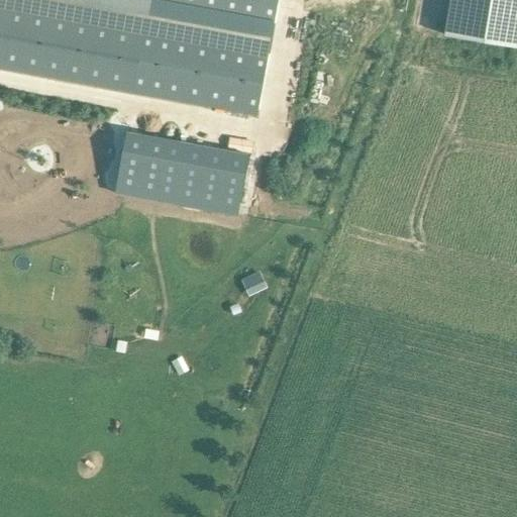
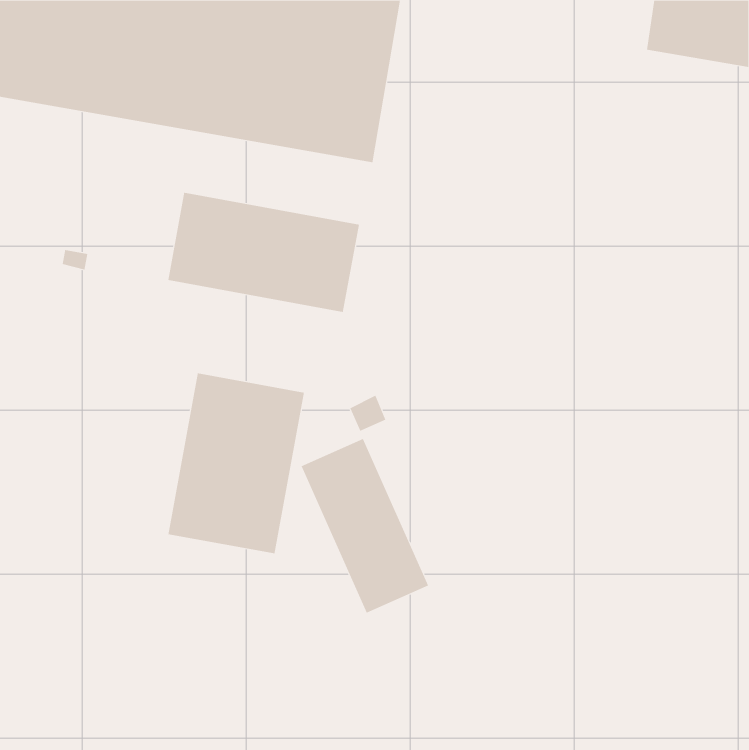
building: none -> [168,373,304,554]
building: none -> [301,438,429,613]

